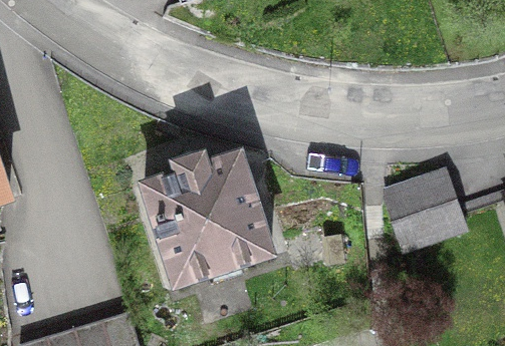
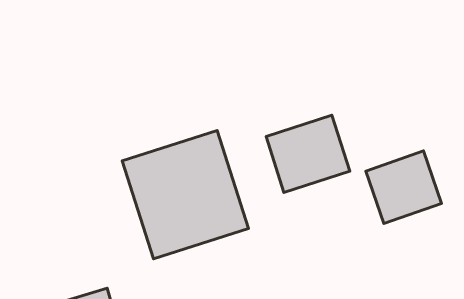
building: none -> [266,115,350,192]

